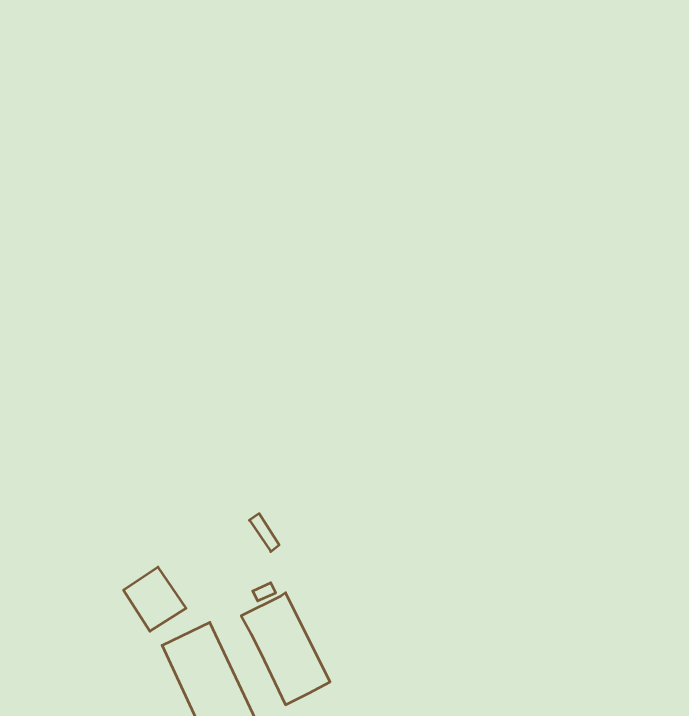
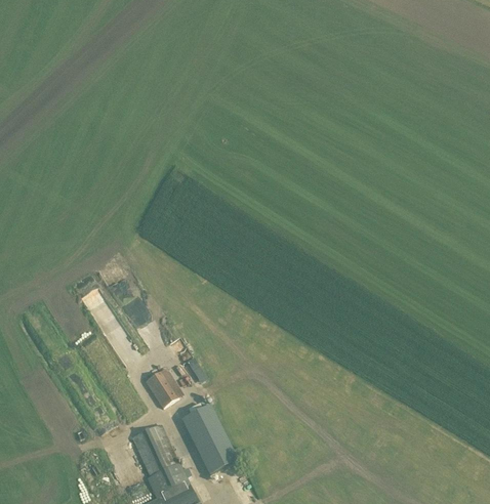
building: [124,567,186,631] -> [145,367,183,407]

